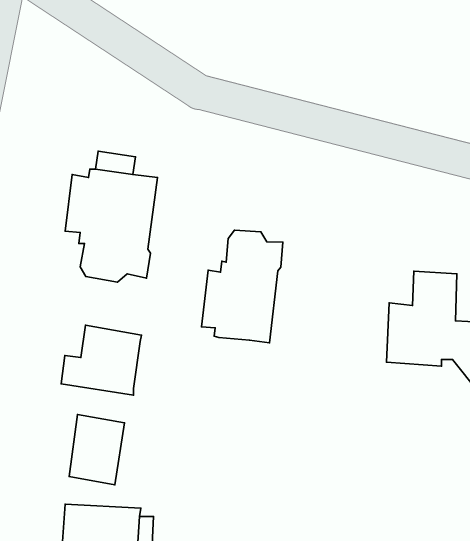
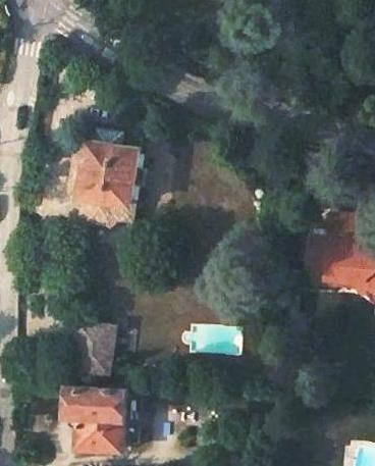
building: [201,230,283,343] -> none
building: [61,325,142,395] -> none

